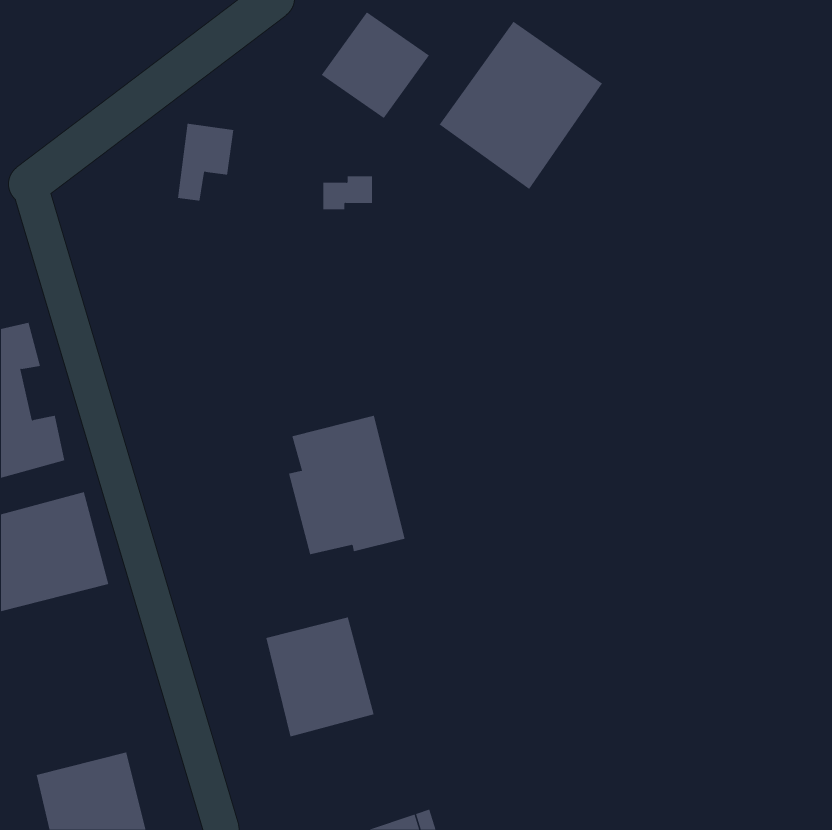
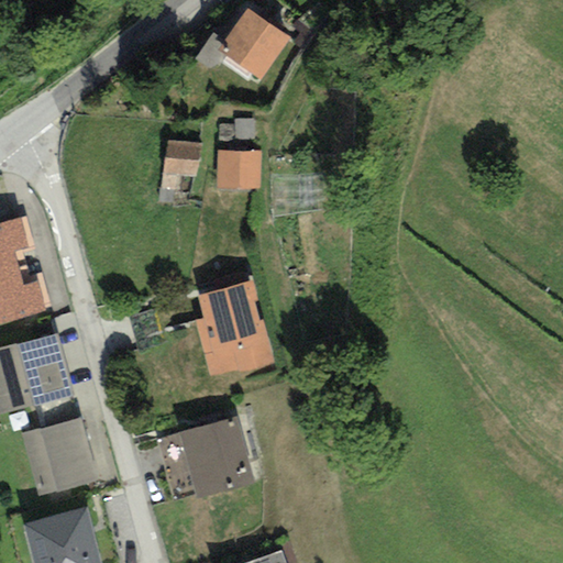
building: [439,21,603,190] -> none
building: [177,123,234,201] -> [161,141,199,194]
building: none -> [217,150,260,189]
building: none -> [24,418,95,493]

